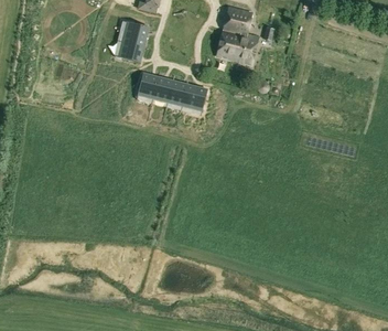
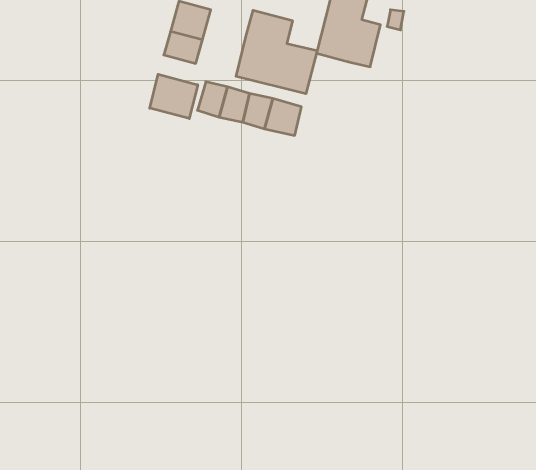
building: none -> [236,10,317,94]
building: none -> [150,74,198,119]

